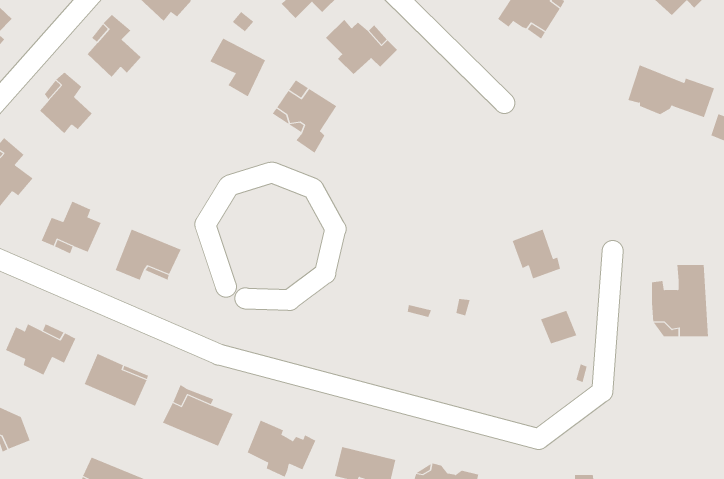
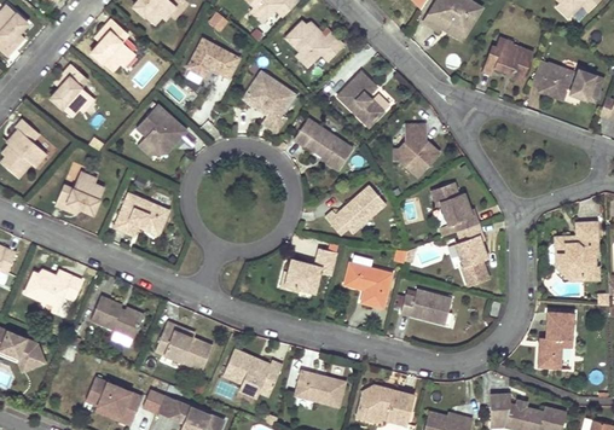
building: none -> [481,36,534,81]
building: none -> [336,72,383,128]
building: none -> [137,101,187,155]
building: none -> [291,117,351,169]
building: none -> [399,121,440,174]
building: none -> [324,186,383,228]
building: none -> [453,225,487,266]
building: none -> [280,246,334,292]
building: none -> [341,262,389,308]
building: none -> [398,289,448,324]
building: none -> [537,312,573,368]

